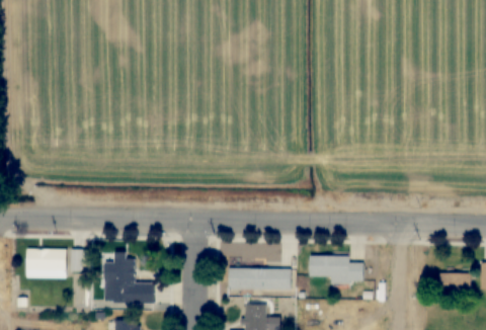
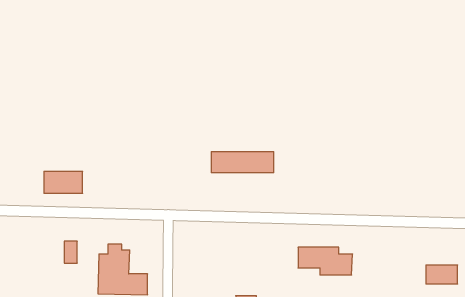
building: [27,248,67,270] -> [44,171,83,193]
building: [228,268,292,290] -> [211,152,274,173]

